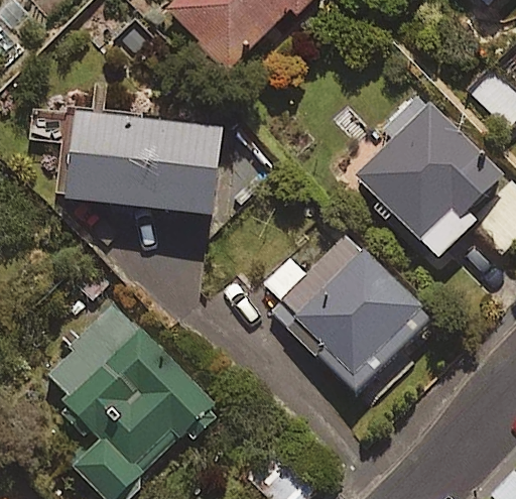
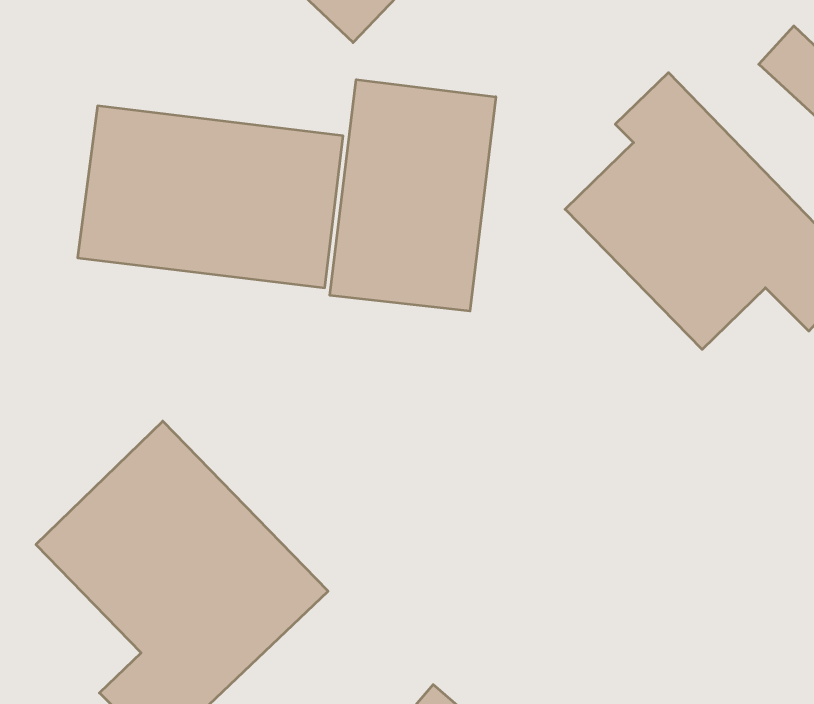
building: none -> [330,80,496,311]
building: [260,208,432,390] -> none

